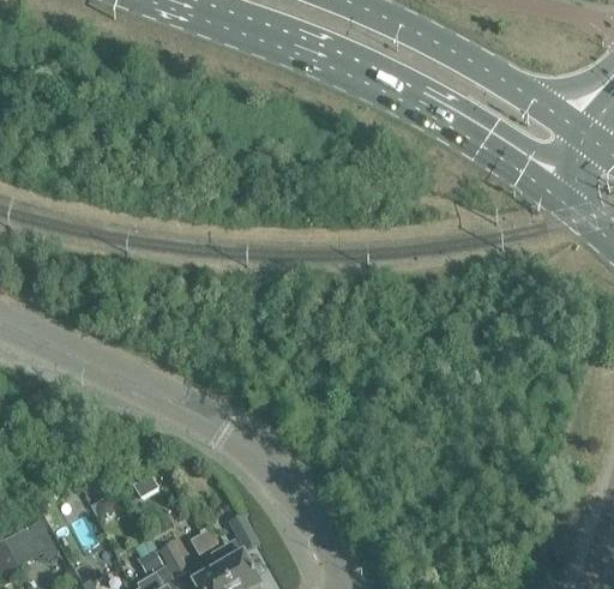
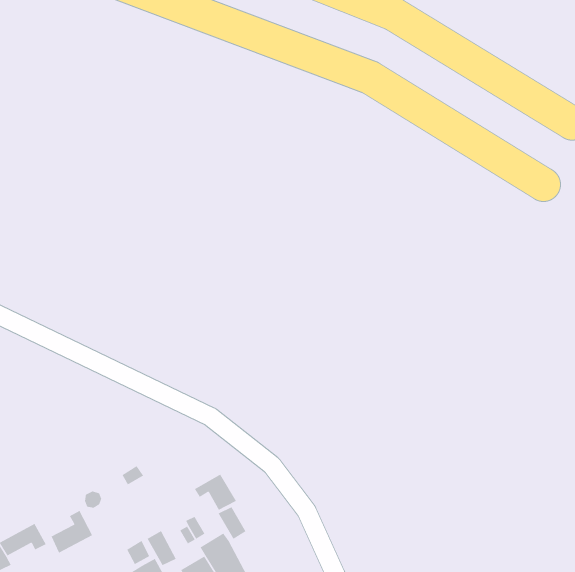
building: none -> [194,474,237,511]
building: none -> [51,510,93,554]

